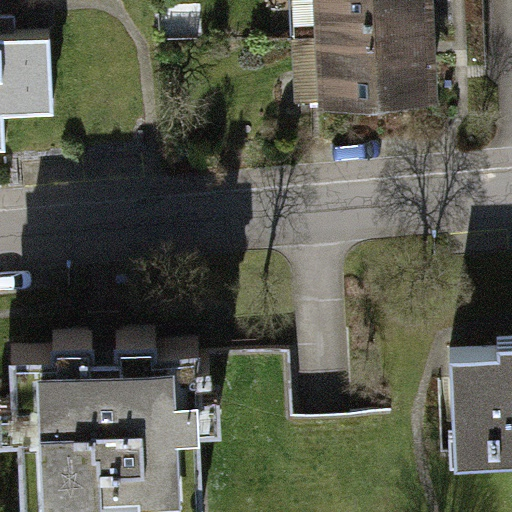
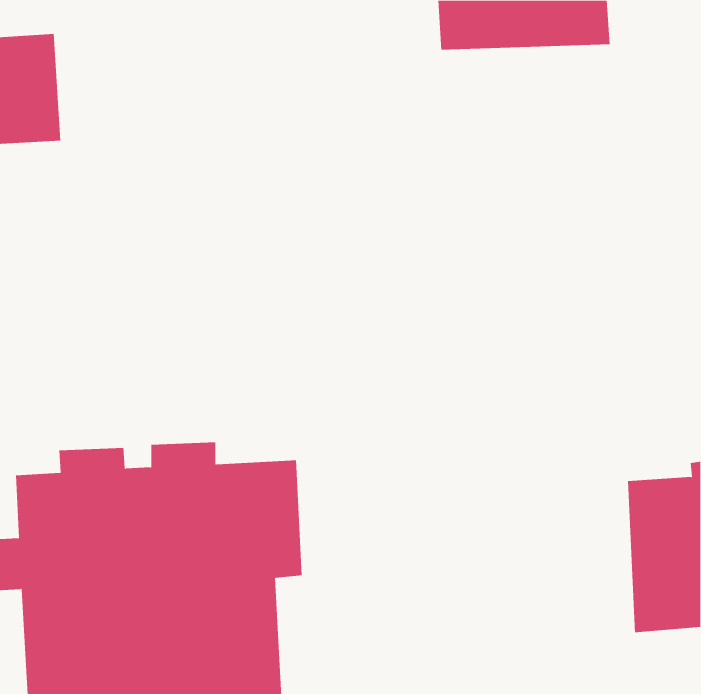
building: [316,45,440,115] -> none

